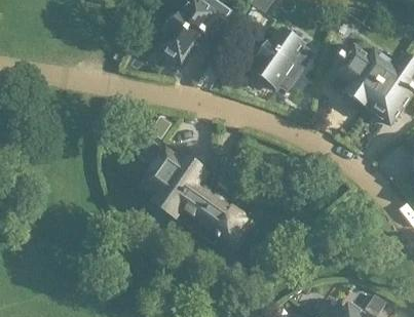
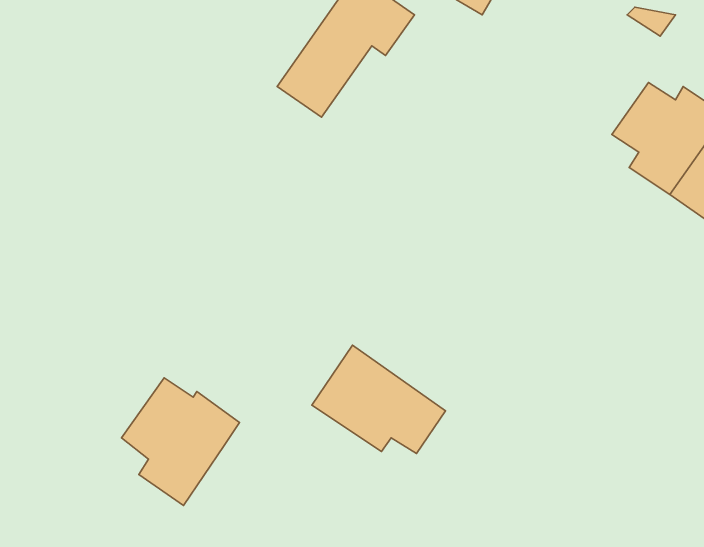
building: [253,30,312,89] -> none
building: [144,150,206,217] -> [122,378,240,505]

